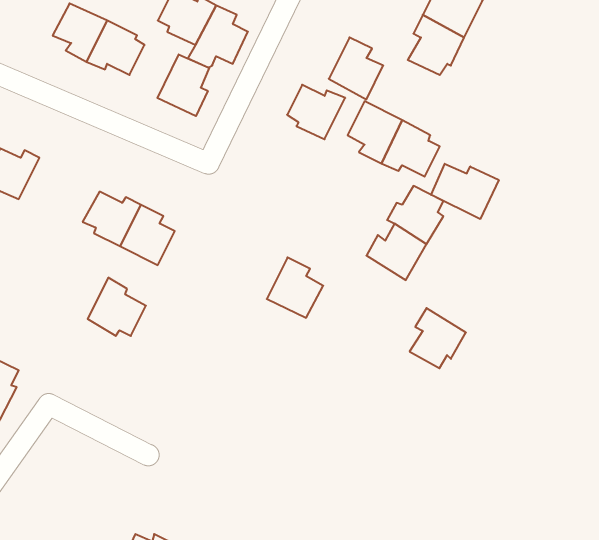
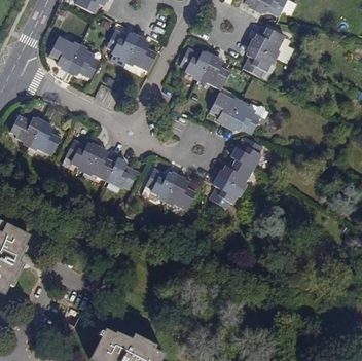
building: [157,54,209,116] -> none
building: [287,85,345,139] -> [180,48,212,78]
building: none -> [31,121,62,155]
building: [431,164,499,219] -> none
building: none -> [142,169,178,198]
building: [88,278,146,336] -> [107,157,139,189]
building: [410,308,466,368] -> [212,175,243,208]

